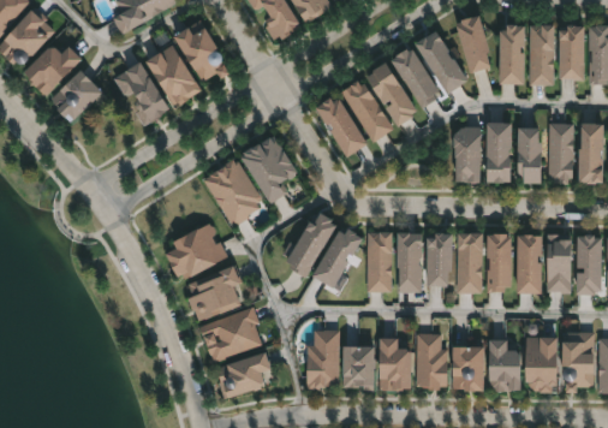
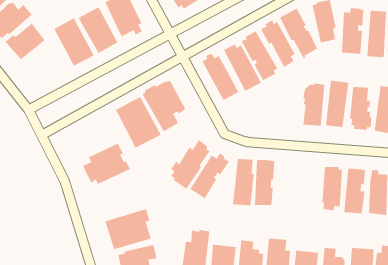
building: [422,231,449,285] -> none
building: [458,232,482,293] -> none
building: [189,266,244,321] -> none

